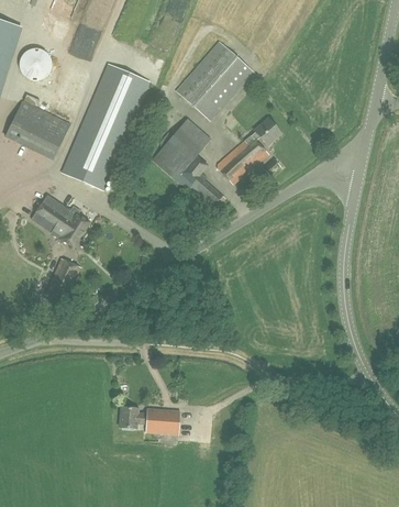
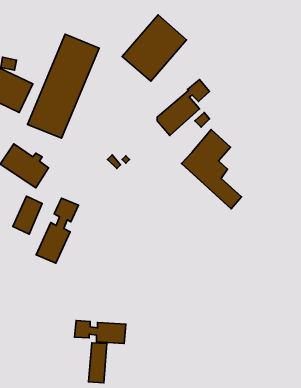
building: [153,117,224,211] -> [182,130,241,209]
building: none -> [36,198,79,263]
building: none -> [88,343,107,383]

